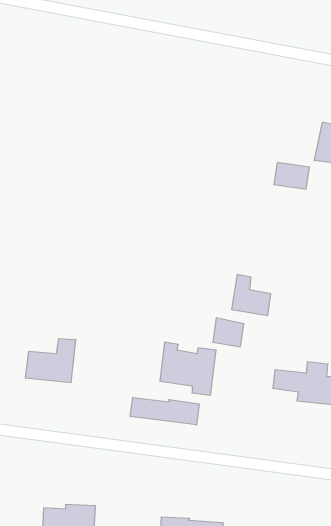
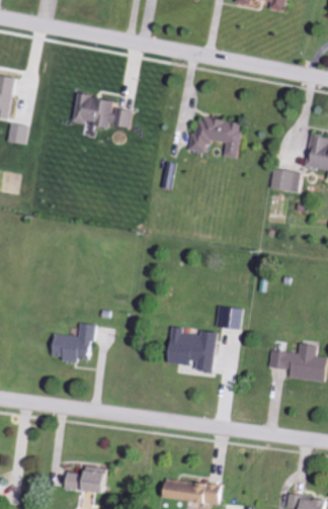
building: none -> [73,93,130,129]
building: none -> [190,115,241,158]
building: [232,274,271,316] -> none
building: [130,397,199,425] -> none

